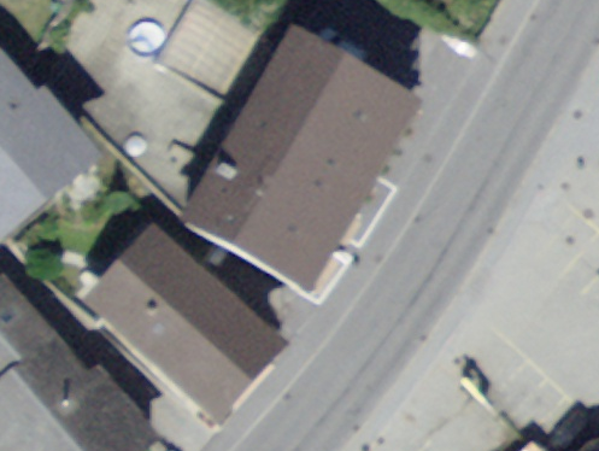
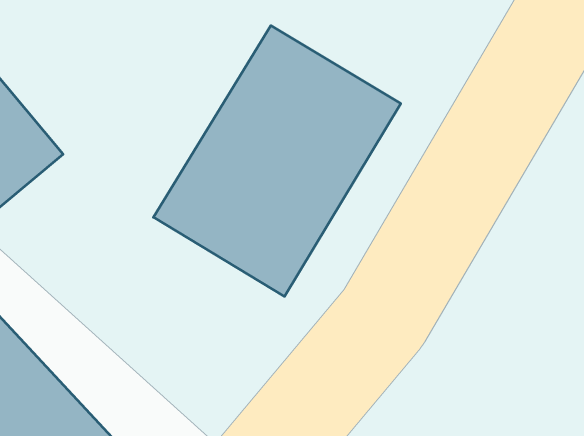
building: [81,218,288,418] -> none

